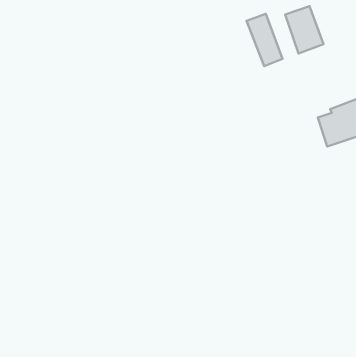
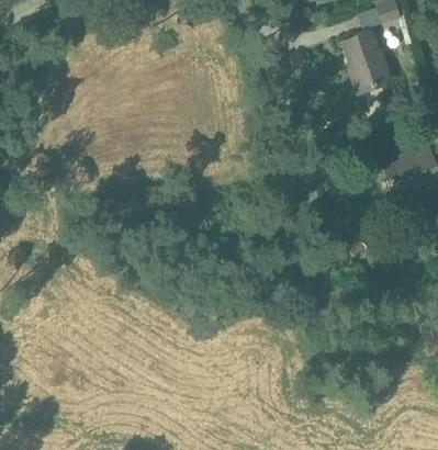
building: [246,14,282,66] -> none

